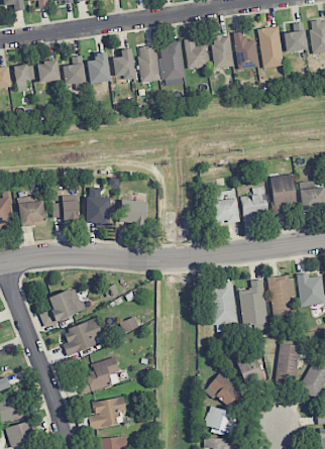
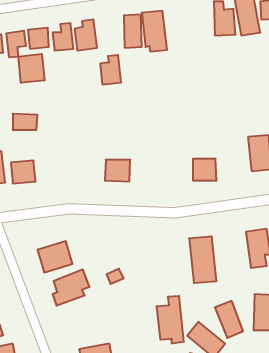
building: [213,35,232,68] -> none
building: [185,39,208,69] -> none
building: [113,48,135,80] -> [100,55,121,84]
building: none -> [18,54,44,83]
building: [87,188,110,227] -> none
building: [240,193,267,225] -> none
building: [52,202,79,219] -> [13,114,37,130]
building: [239,279,268,330] -> [156,296,184,343]
building: [78,357,120,395] -> none

